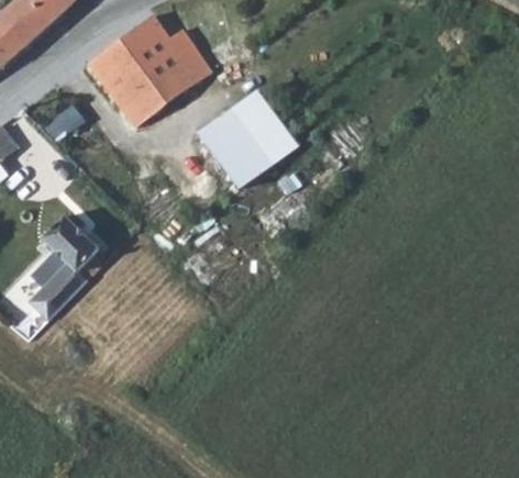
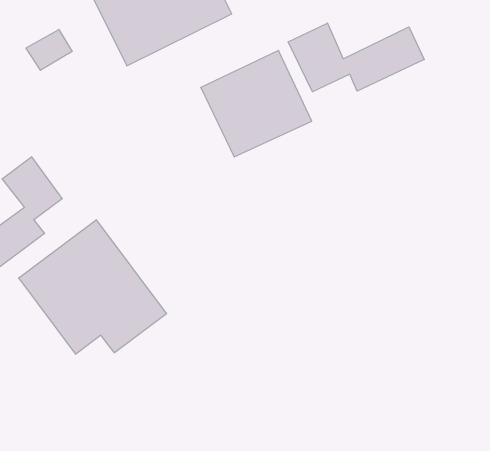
building: none -> [288,23,424,92]
building: none -> [19,220,166,354]

